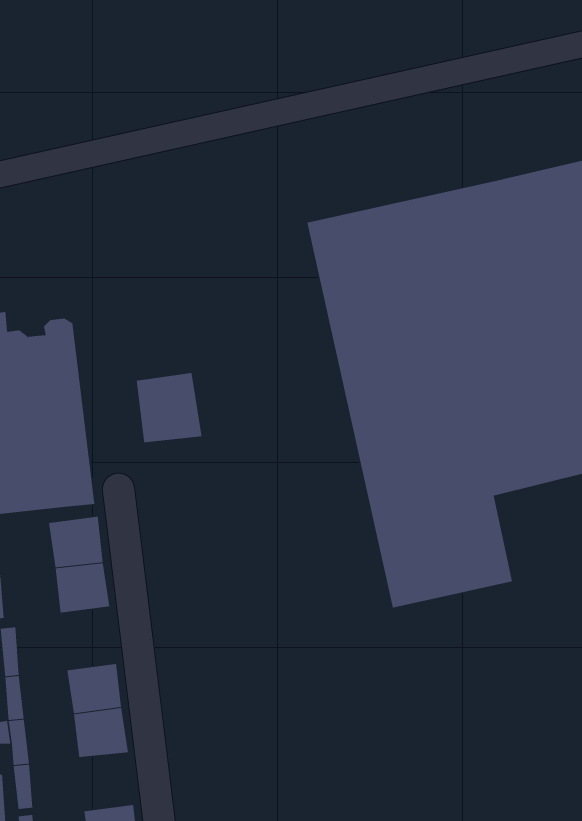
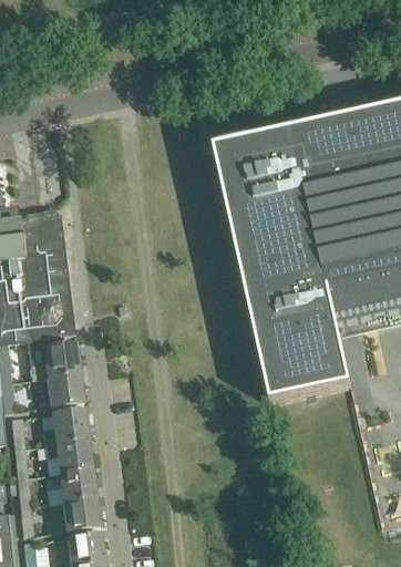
building: [136,372,202,443] -> none
building: none -> [52,409,89,444]
building: none -> [63,498,100,530]

